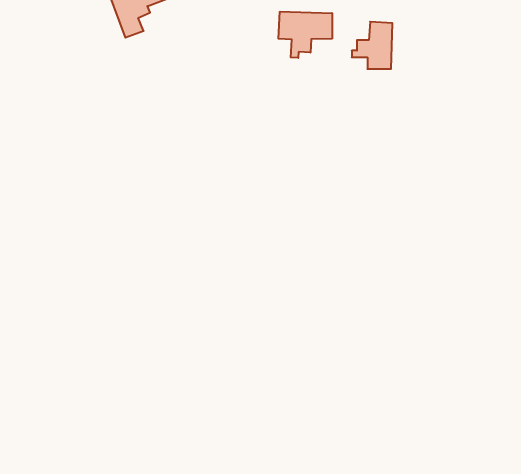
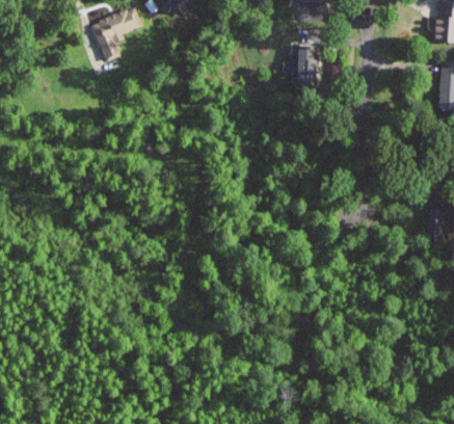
building: [278,12,332,58] -> none

